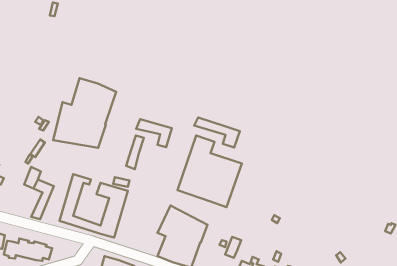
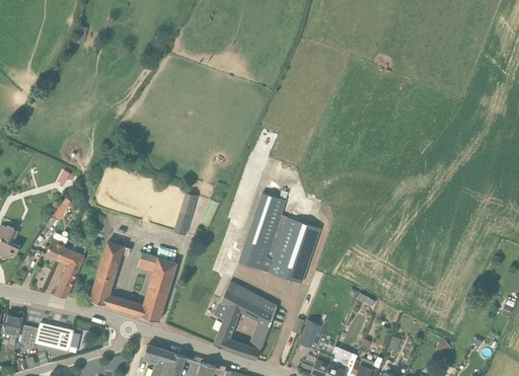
building: [53,78,116,148] -> none
building: [194,117,240,147] -> none
building: [136,119,172,147] -> none

